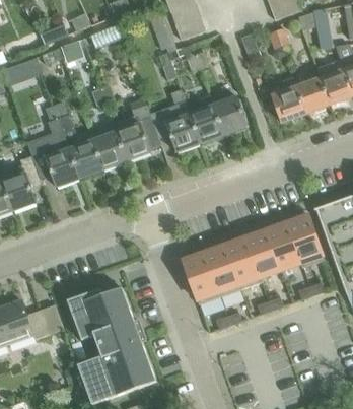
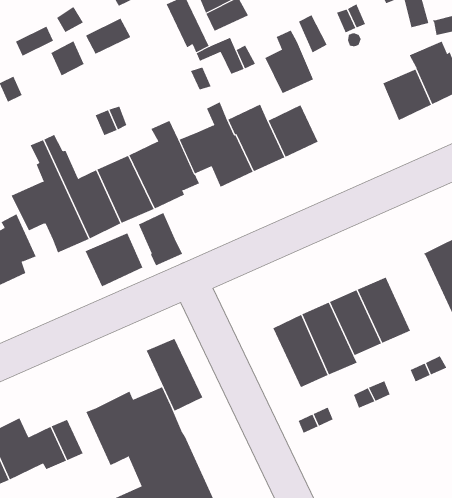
building: [272,77,305,122] -> [265,30,314,94]
building: none -> [138,212,183,266]
building: none -> [85,233,143,287]
building: [287,215,325,267] -> none
building: [183,253,220,304] -> [146,338,203,411]

